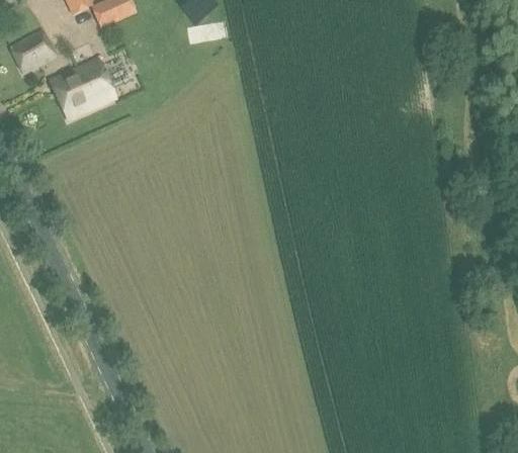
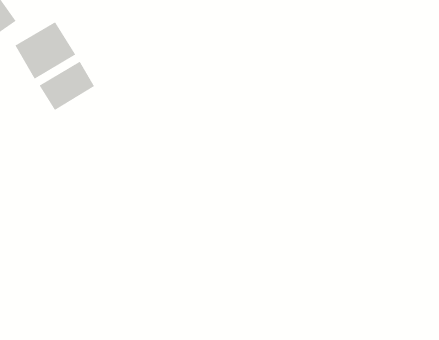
building: none -> [39,61,95,111]

